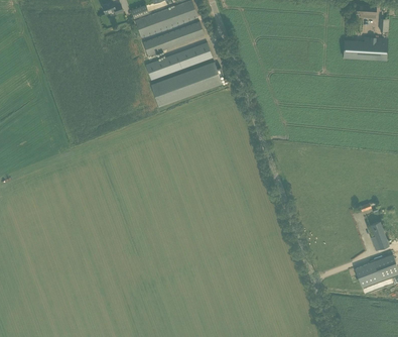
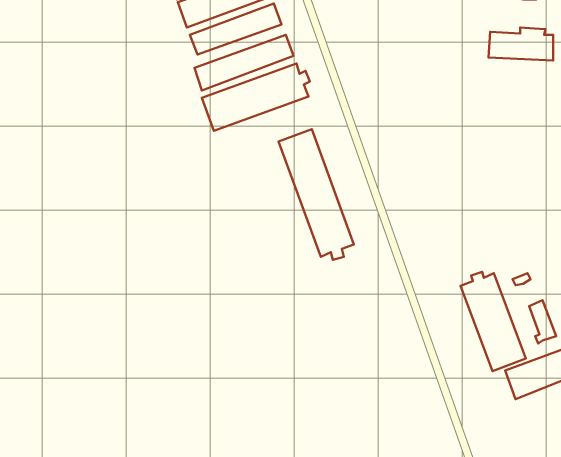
building: none -> [279,129,354,260]
building: none -> [461,272,526,371]

